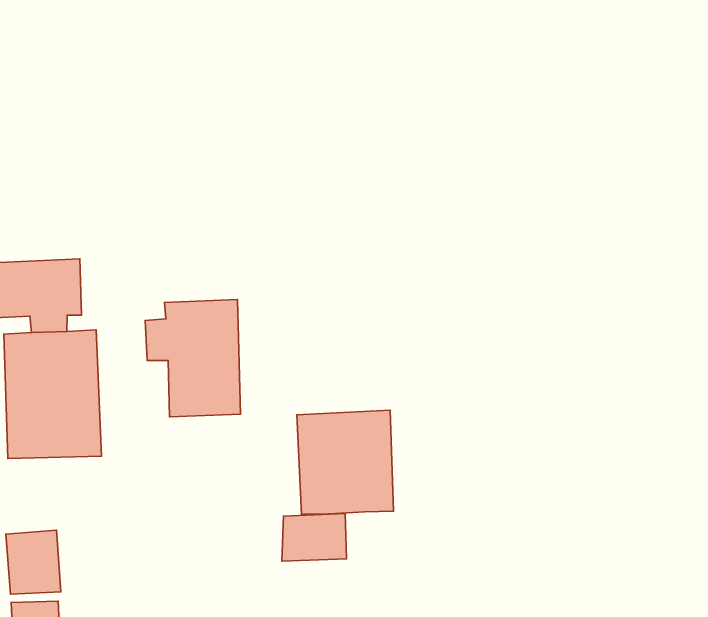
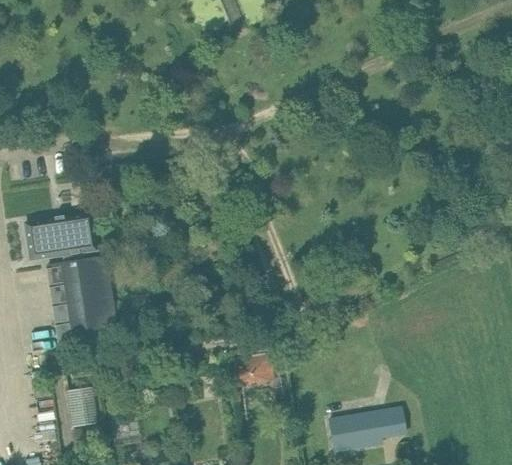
building: [145,299,240,417] -> none
building: [297,410,394,514] -> none

